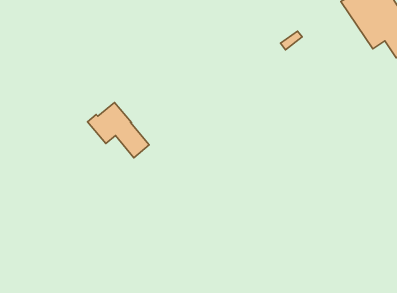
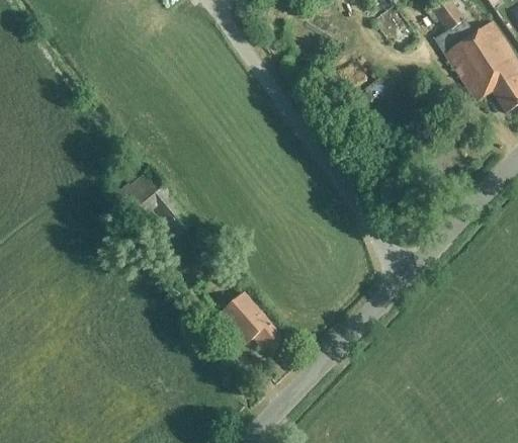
building: none -> [220,291,285,351]

